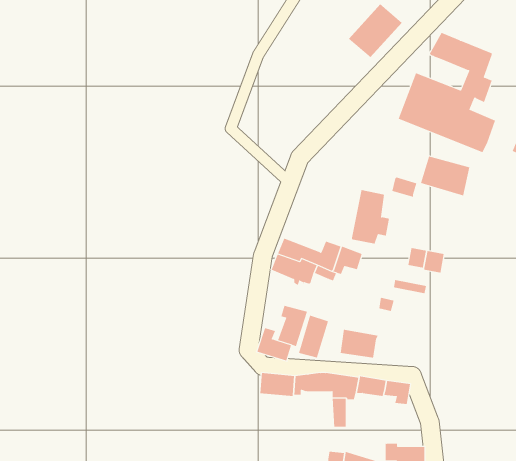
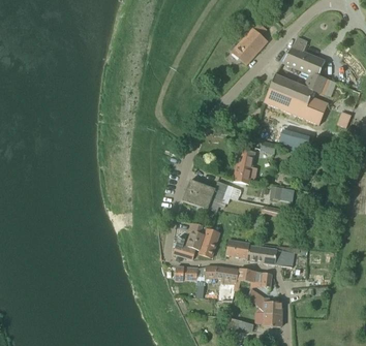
building: none -> [248,245,295,268]
building: none -> [247,289,281,314]

